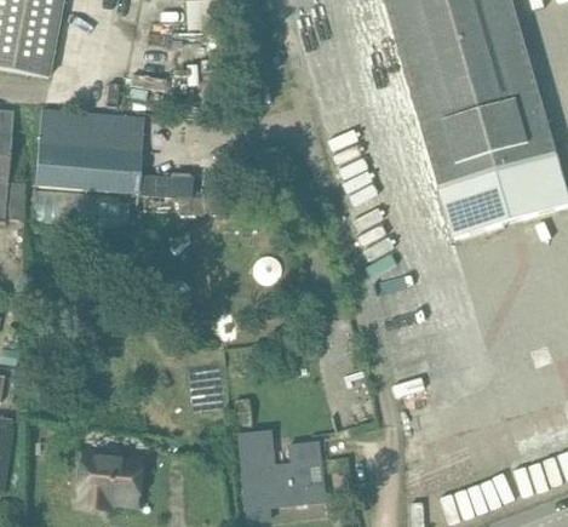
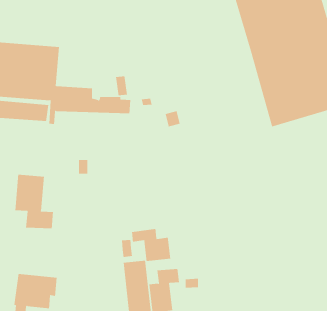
building: none -> [15,174,54,229]
building: none -> [131,228,171,262]

